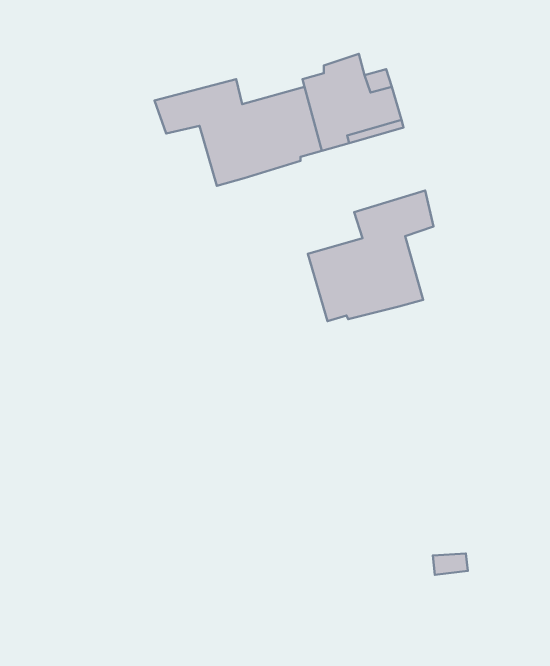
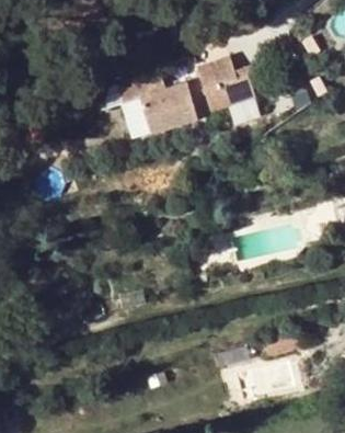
building: [308,190,434,321] -> none

